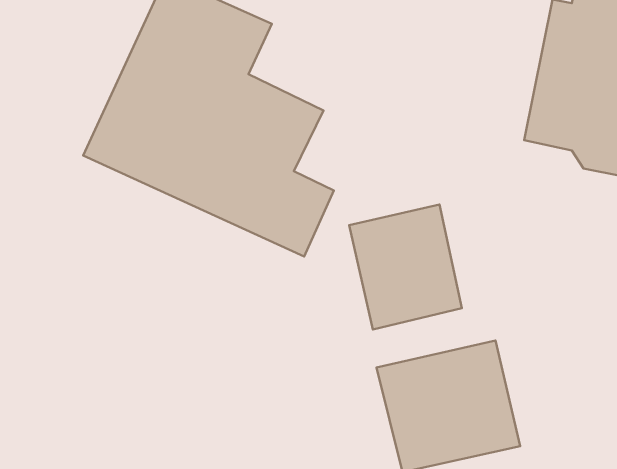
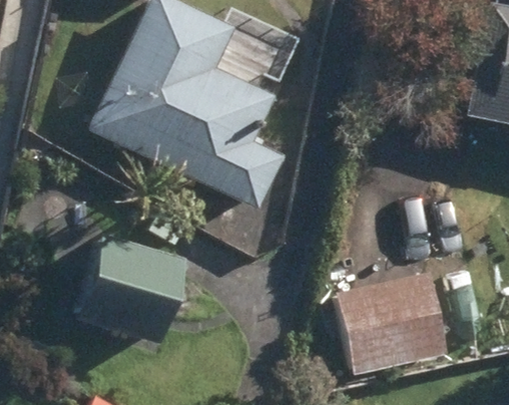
building: [349,205,462,330] -> none
building: none -> [84,236,188,341]

